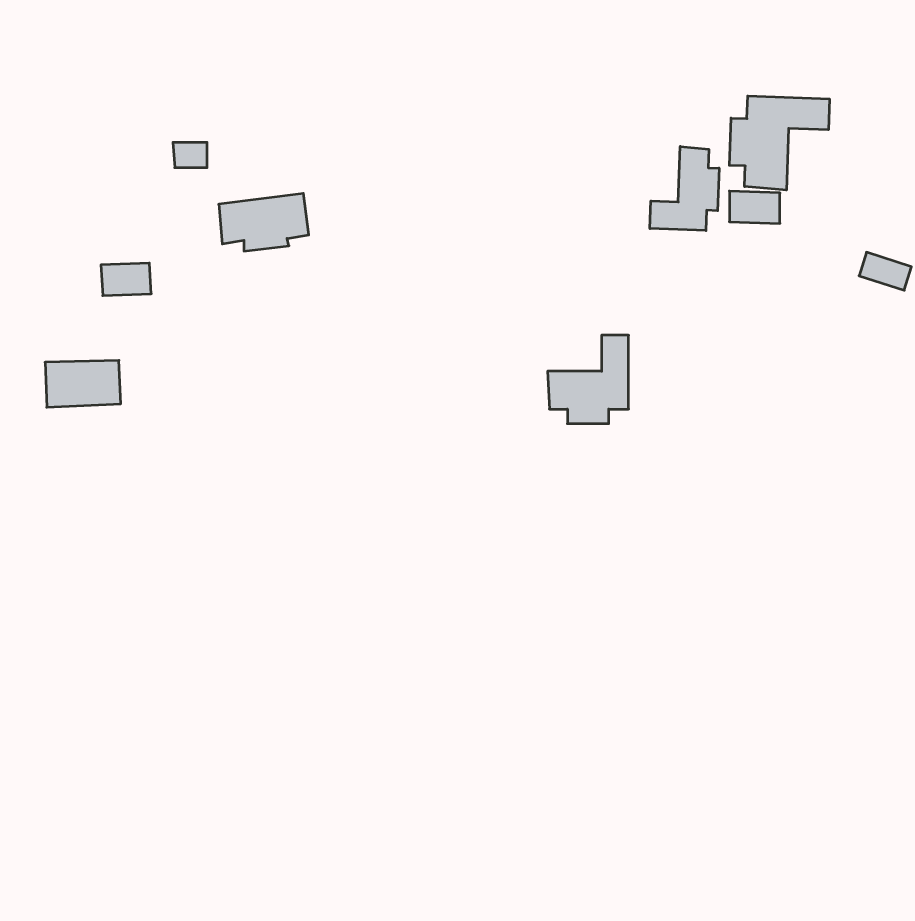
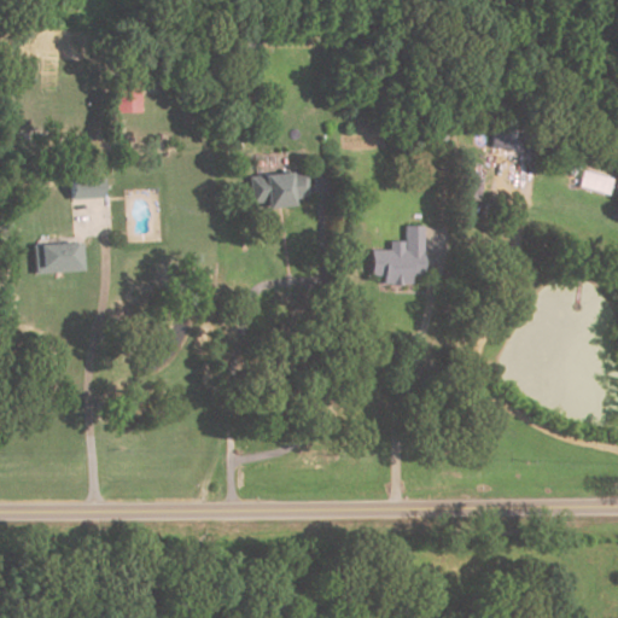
building: [729,96,829,190] -> none
building: [650,146,719,231] -> none
building: [219,193,309,251] -> [250,169,310,208]

